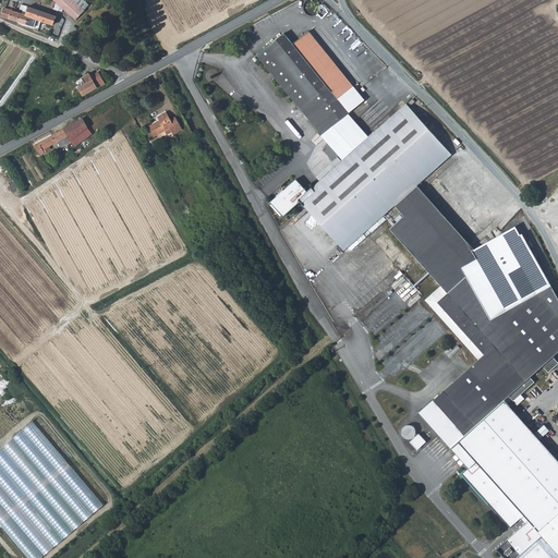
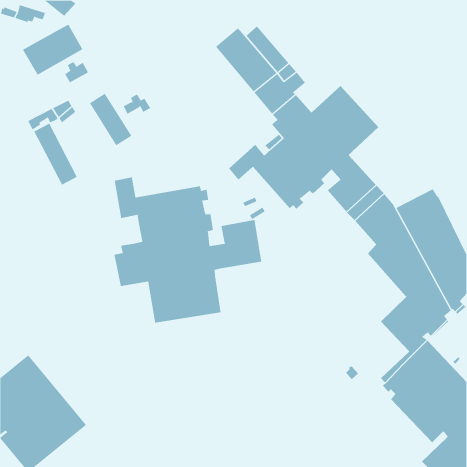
building: none -> [22,24,83,76]
building: none -> [89,93,132,146]
building: none -> [34,123,78,185]
building: none -> [114,176,262,324]
building: [418,384,486,451] -> none

